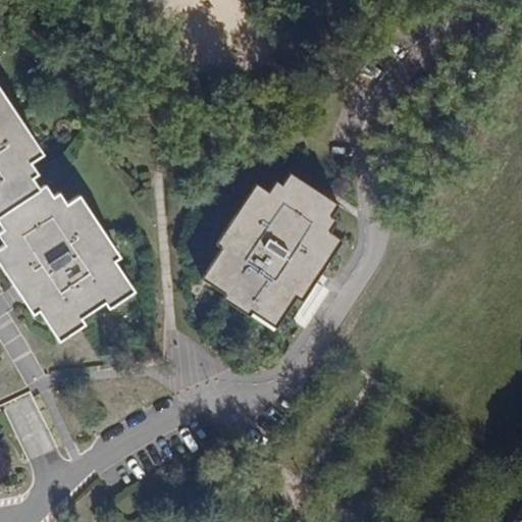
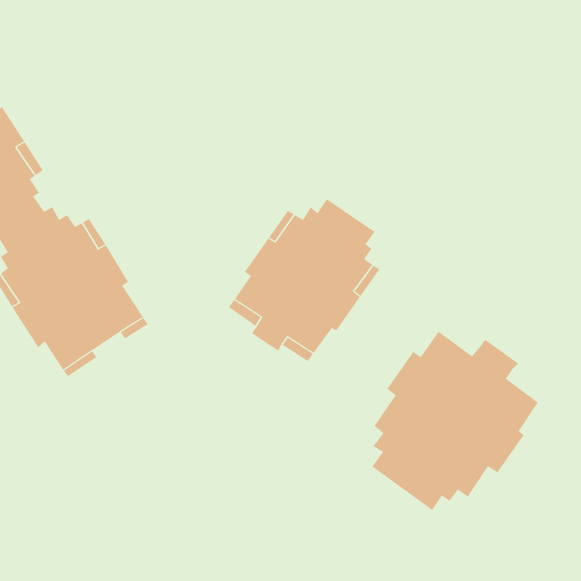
building: none -> [371,331,539,511]

